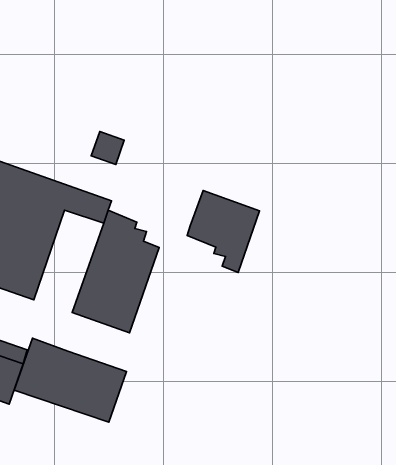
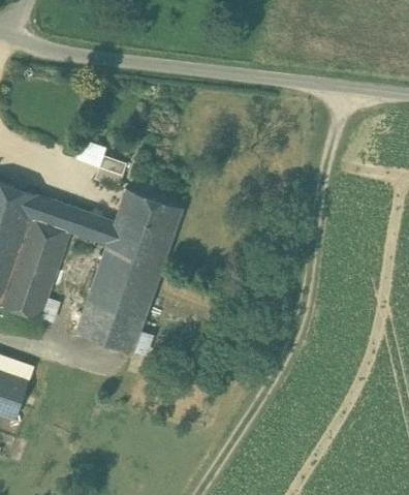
building: [187,191,259,273] -> [112,189,182,269]
building: [14,338,127,422] -> none

